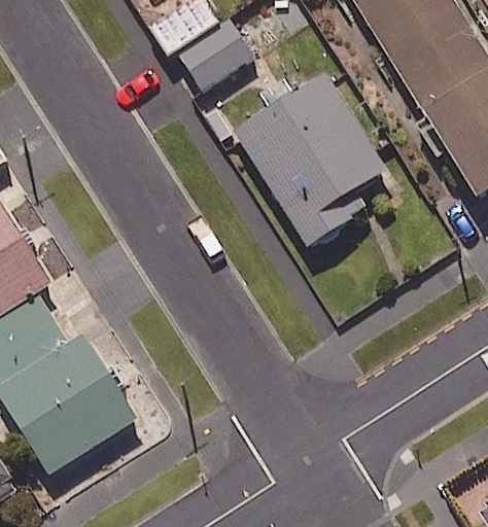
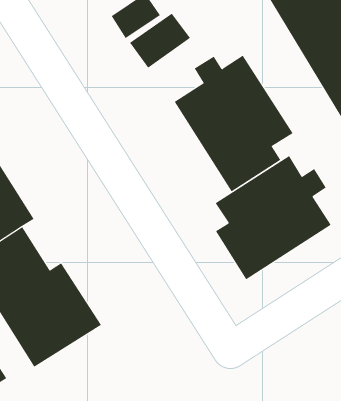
building: none -> [215,155,331,280]

